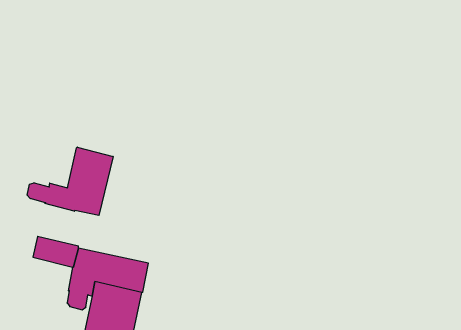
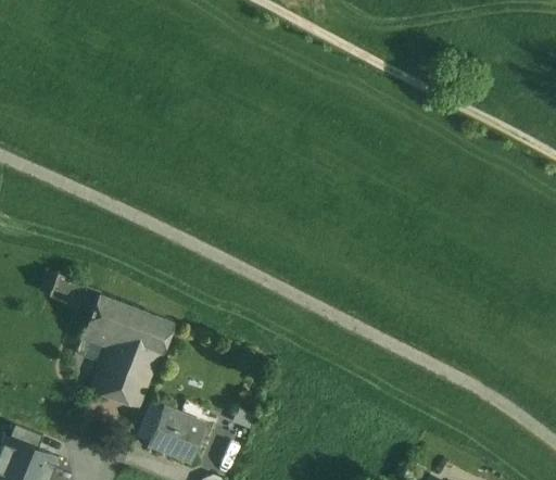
building: [27,147,113,215] -> none

